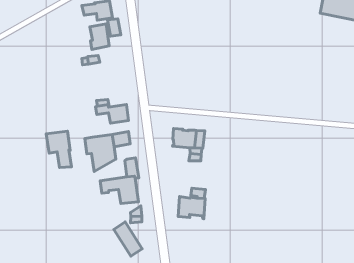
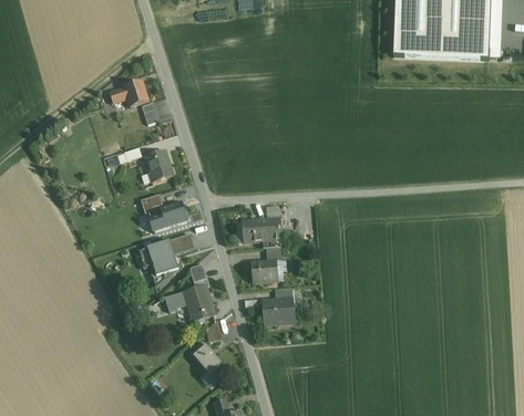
building: [90,24,109,49] -> [145,148,172,181]
building: [46,131,72,168] -> none
building: none -> [250,259,277,281]

